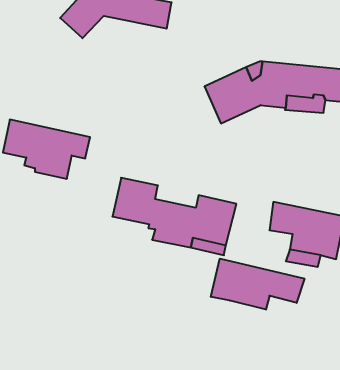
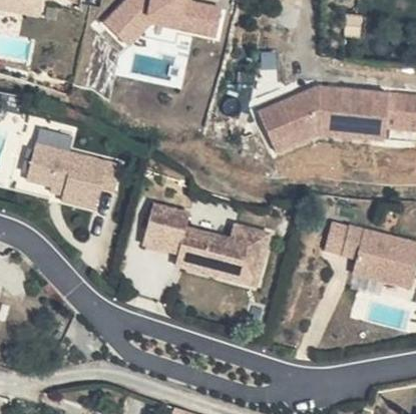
building: [211,259,304,310] -> none

